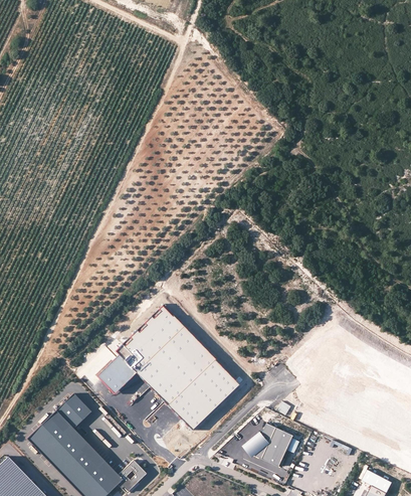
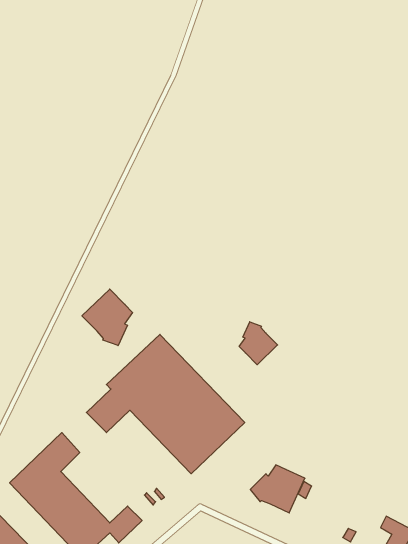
building: none -> [82,289,133,346]
building: none -> [239,322,278,365]

